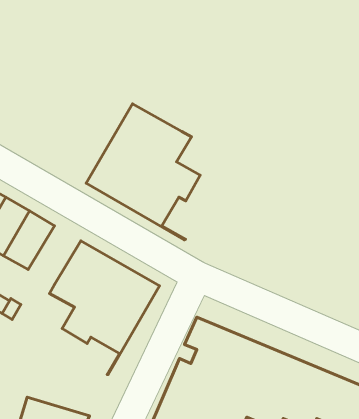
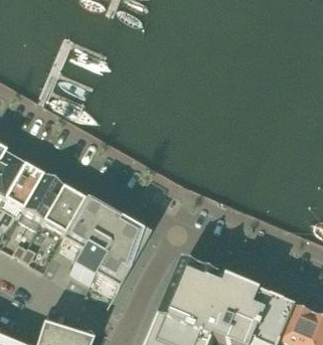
building: [86,104,200,240] -> none
building: none -> [44,185,87,232]

